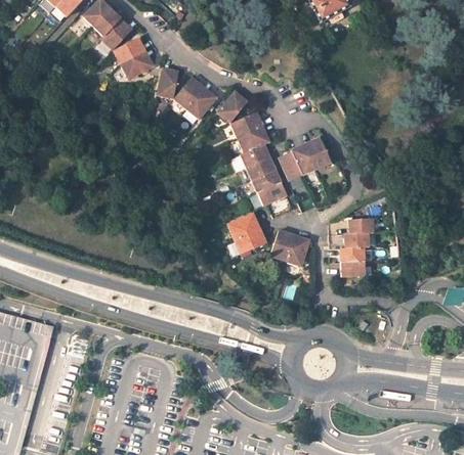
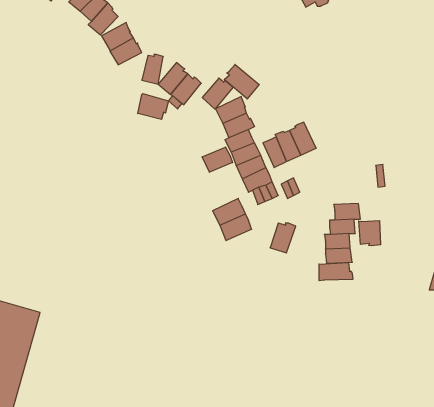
building: none -> [224,64,259,99]
building: none -> [138,94,168,119]
building: none -> [202,147,233,172]
building: [269,228,292,261] -> none
building: none -> [359,221,381,246]
building: none -> [319,262,353,281]

